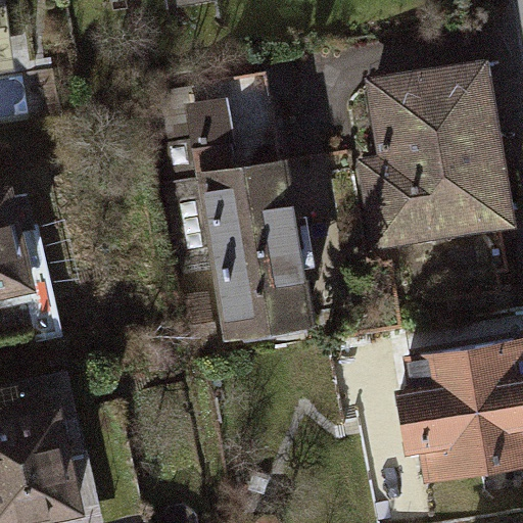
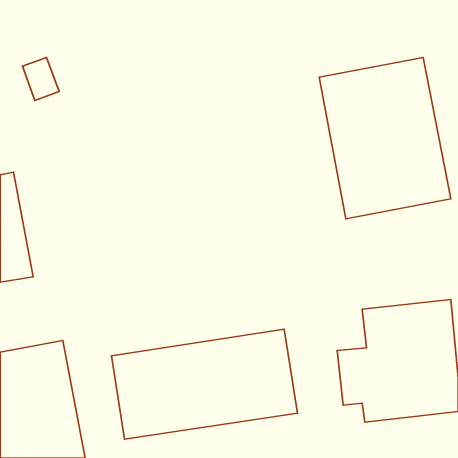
building: [184,81,308,338] -> none
building: none -> [112,329,297,439]

